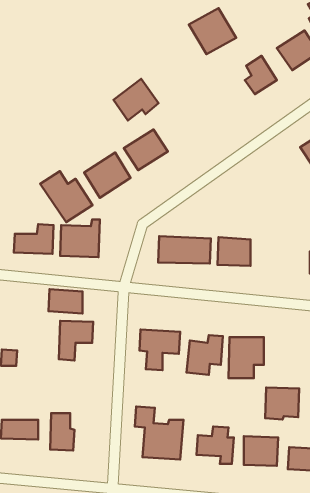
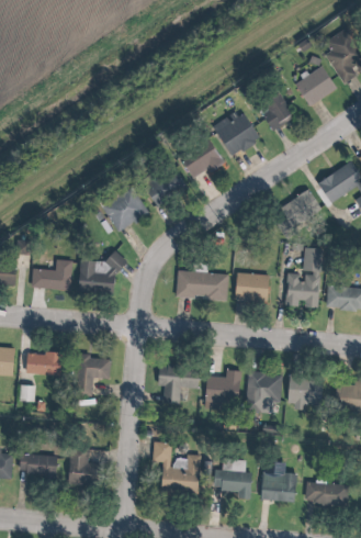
building: [189,8,236,54] -> [213,110,260,156]
building: [113,79,159,121] -> [179,137,224,179]
building: none -> [278,189,321,232]
building: [40,171,93,222] -> none
building: none -> [284,247,321,309]
building: [49,289,83,313] -> [25,351,59,376]
building: [265,387,299,419] -> [287,376,321,407]

